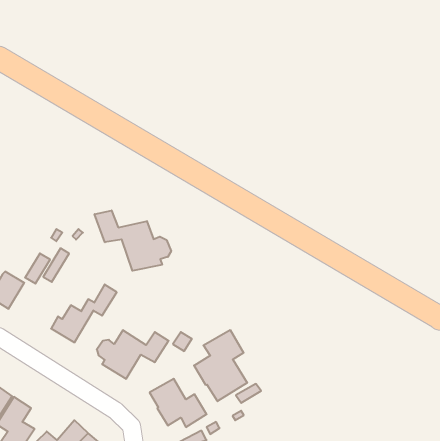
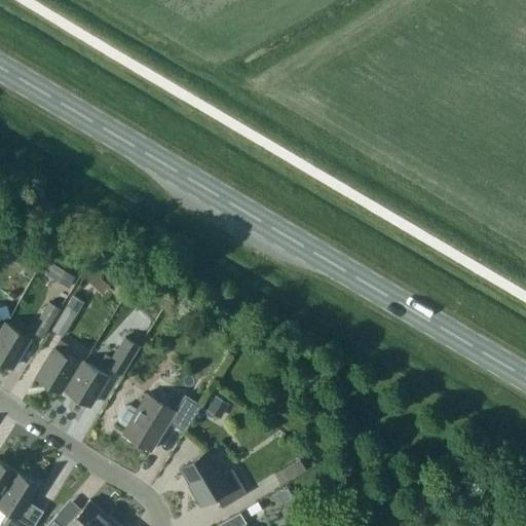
building: [95,210,171,271] -> none
building: none -> [35,342,82,394]
building: [194,330,247,401] -> none

